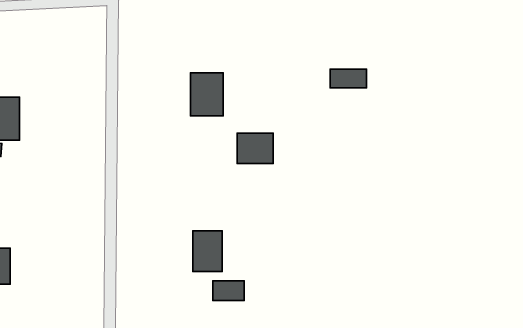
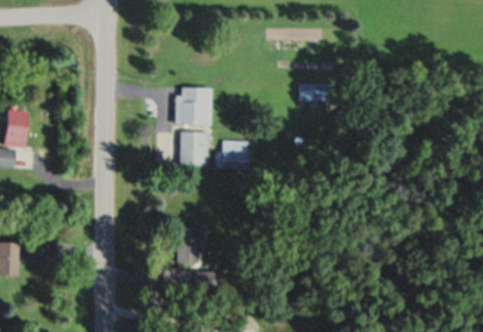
building: none -> [181,132,210,167]

